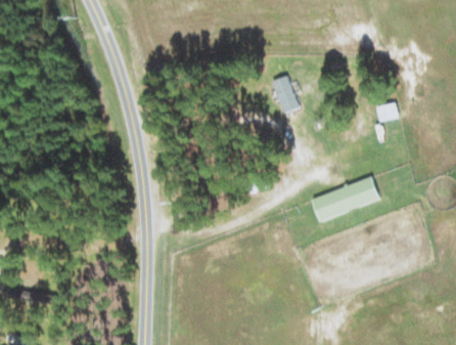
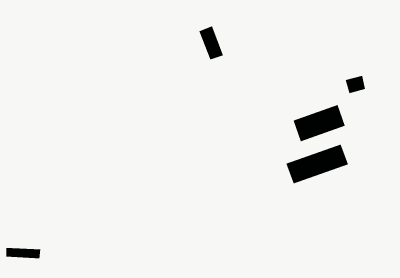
building: [271,76,299,114] -> [198,25,224,60]
building: none -> [293,104,345,142]

